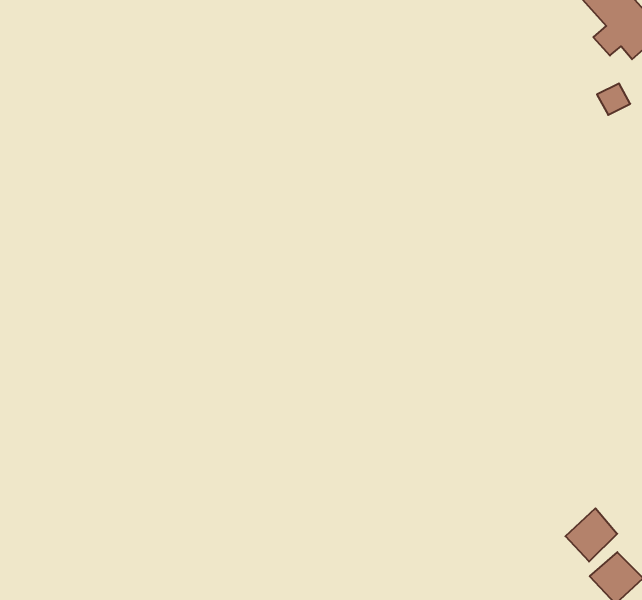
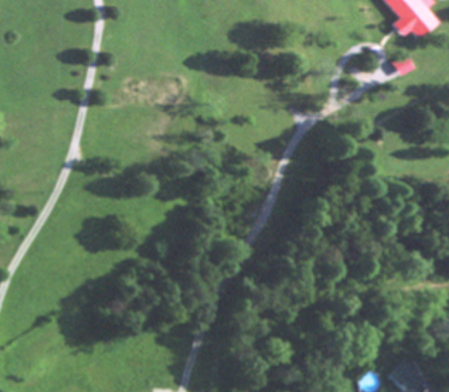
building: [565,508,617,562] -> none

